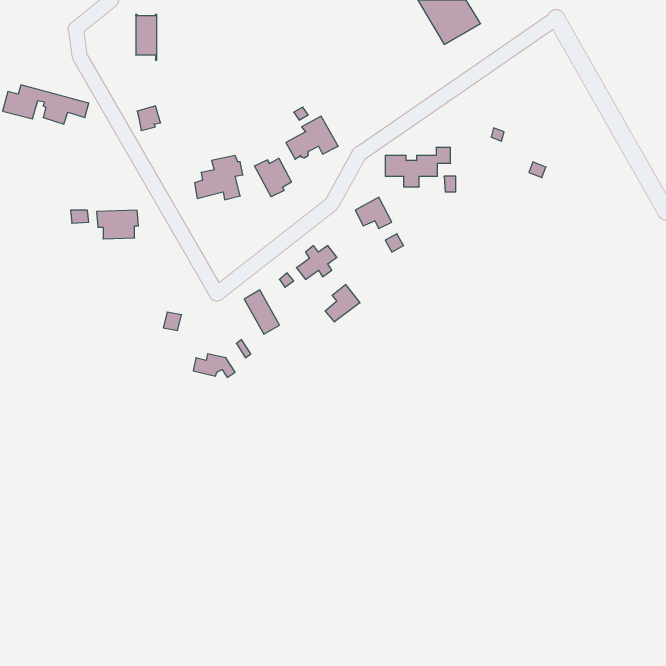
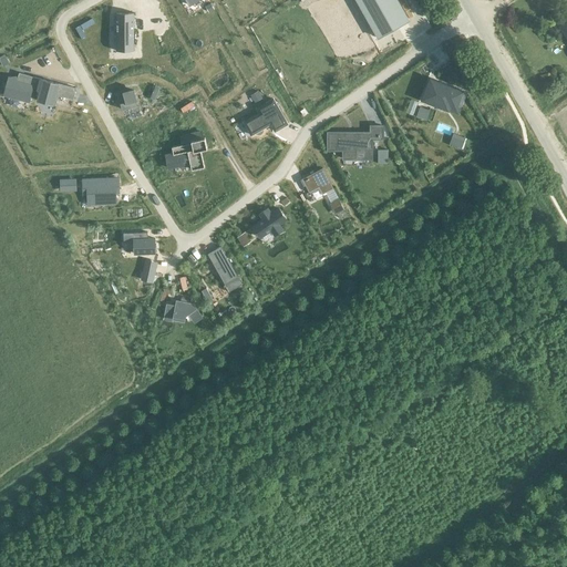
building: none -> [423,84,462,109]
building: [254,158,292,197] -> none
building: none -> [122,233,156,255]
building: [325,284,360,322] -> none

